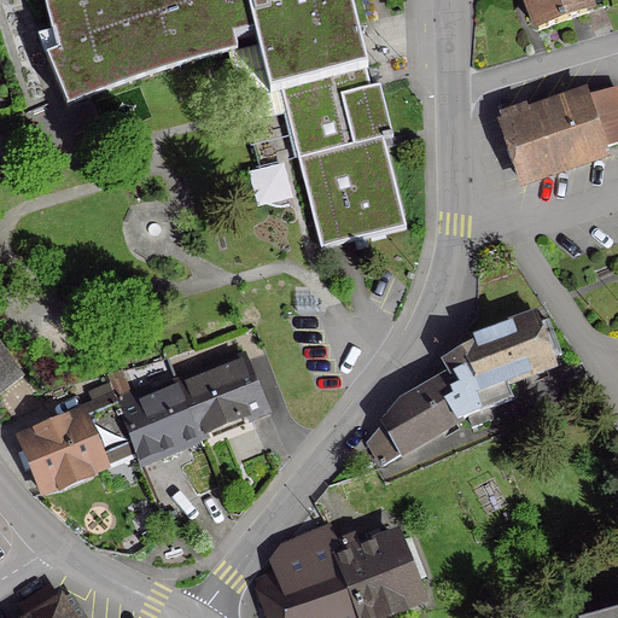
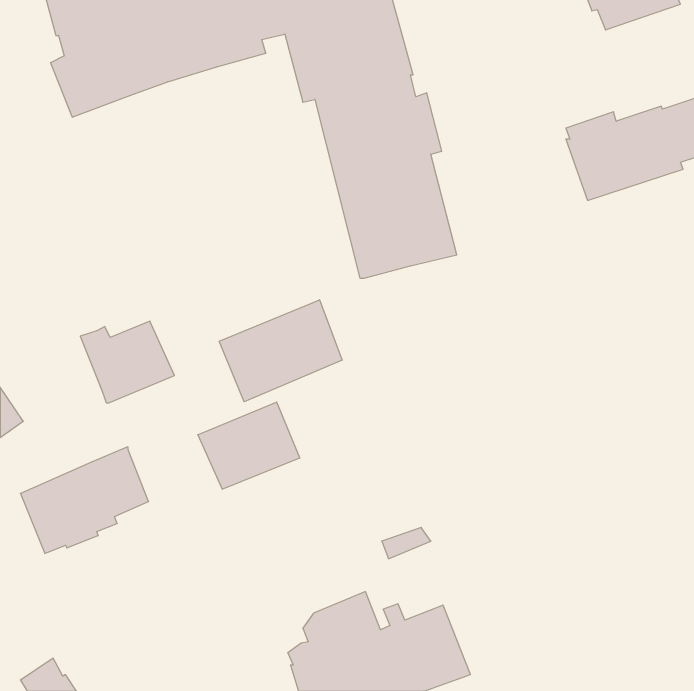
building: none -> [219,300,342,402]
building: [369,313,555,462] -> none
building: [116,385,199,457] -> [80,321,174,403]

